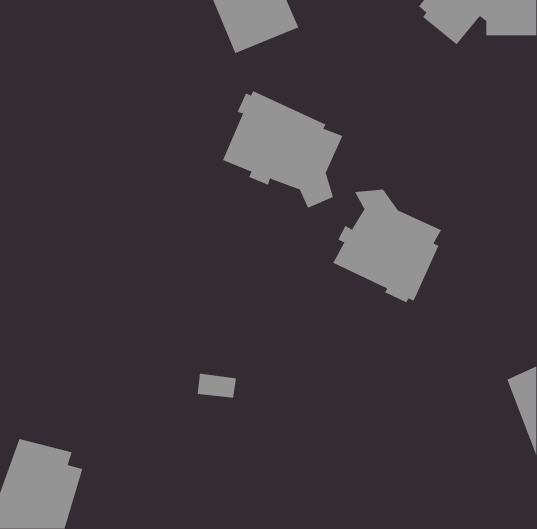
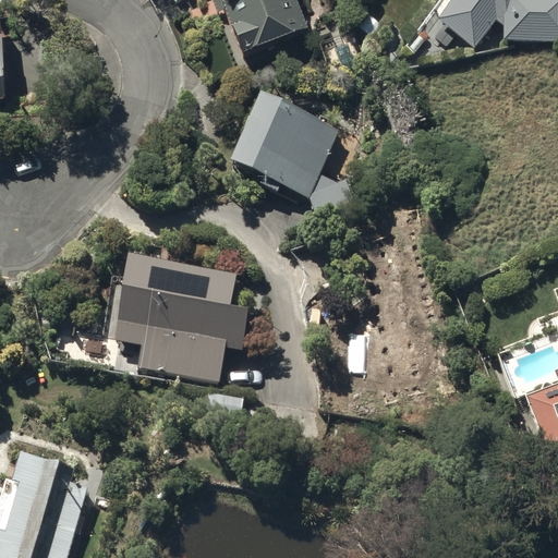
building: [332,189,442,303] -> none
building: none -> [116,259,252,379]

